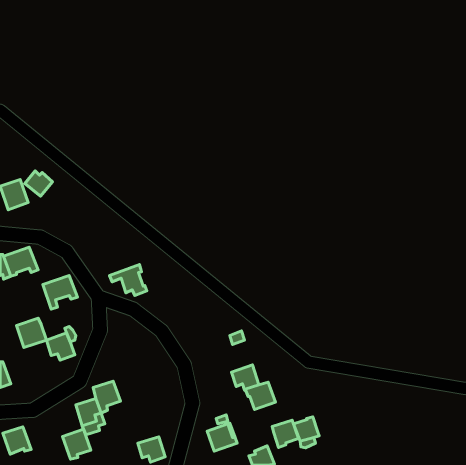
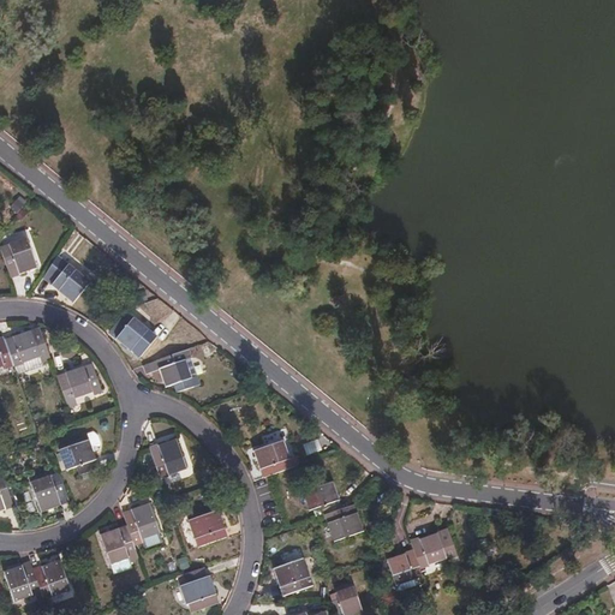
building: [25,171,52,196] -> [52,268,88,301]
building: none -> [109,317,149,356]
building: [16,318,47,347] -> [30,472,70,510]
building: none -> [149,438,185,474]
building: none -> [253,441,286,476]
building: none -> [190,509,226,545]
building: [272,420,299,448] -> [410,532,444,568]
building: [62,429,91,459] -> [32,559,70,598]

